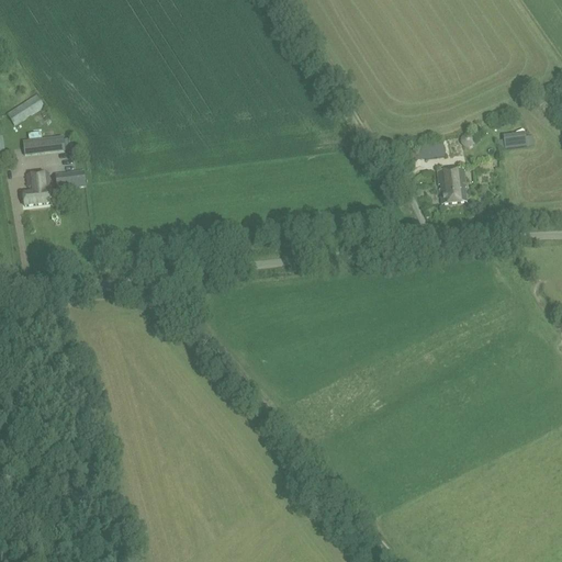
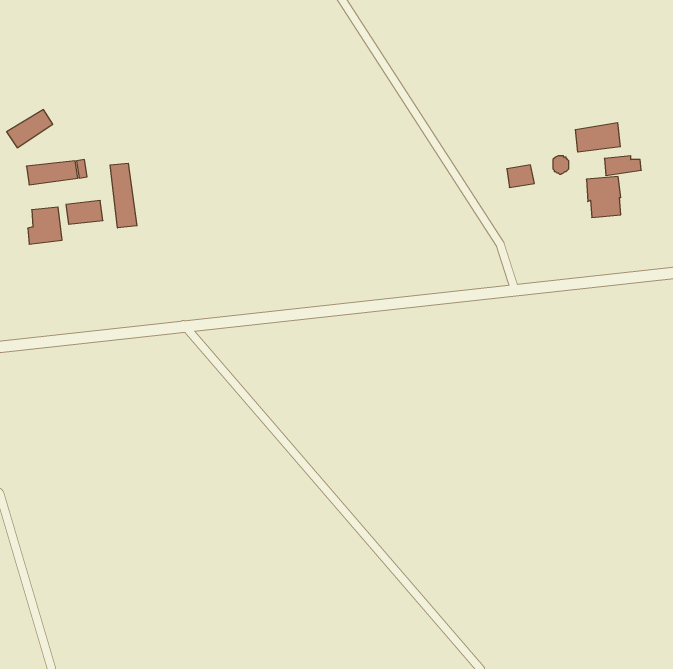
building: none -> [575,123,620,152]
building: none -> [110,163,137,228]
building: [437,167,465,201] -> [586,177,621,217]

